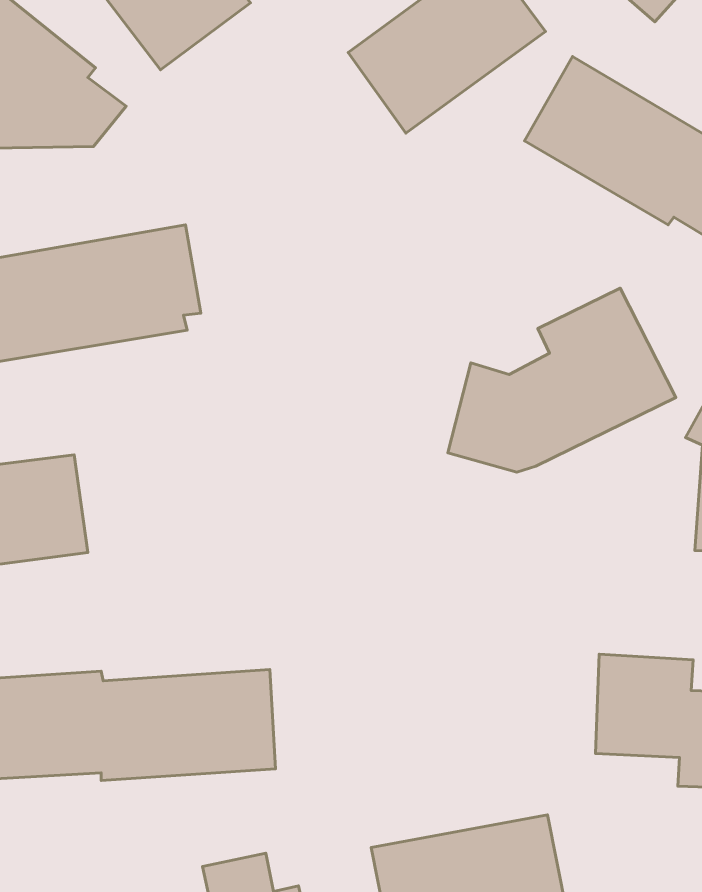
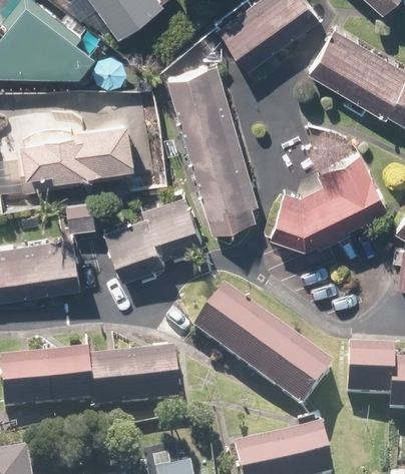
building: none -> [165,64,259,233]
building: none -> [103,194,205,281]
building: none -> [189,288,334,410]

